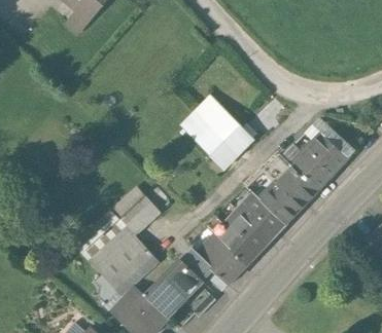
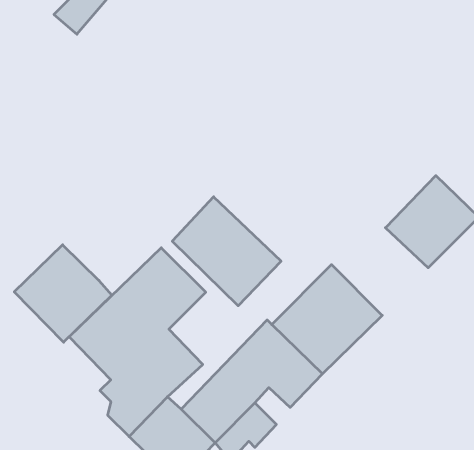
building: [181,98,254,171] -> [172,197,281,306]
building: [250,162,315,227] -> none
building: none -> [14,245,112,342]

